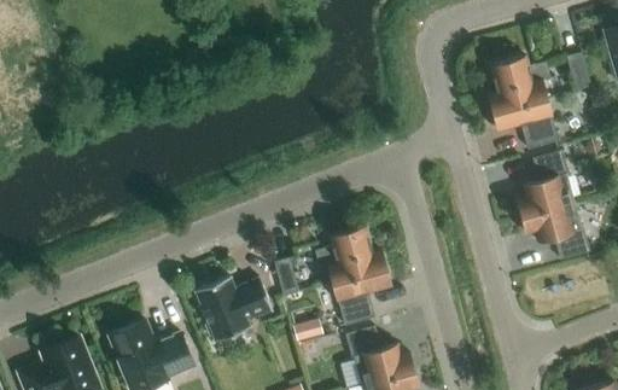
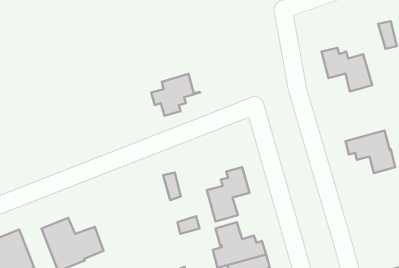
building: [489,56,550,104] -> none
building: [517,150,575,216] -> none
building: [315,226,381,283] -> [151,74,200,116]
building: [196,275,273,340] -> none

